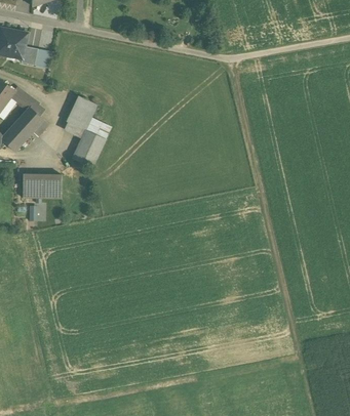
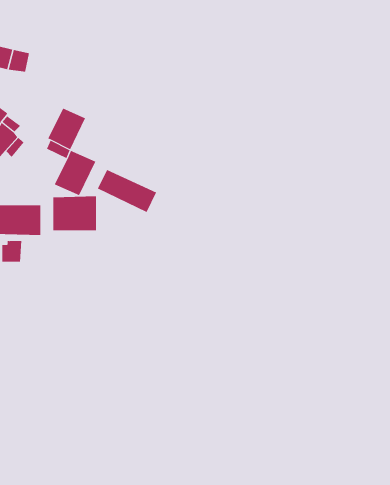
building: none -> [97,169,157,213]
building: none -> [53,195,96,231]

